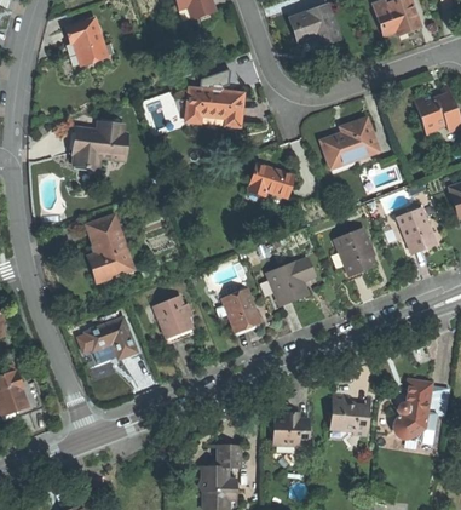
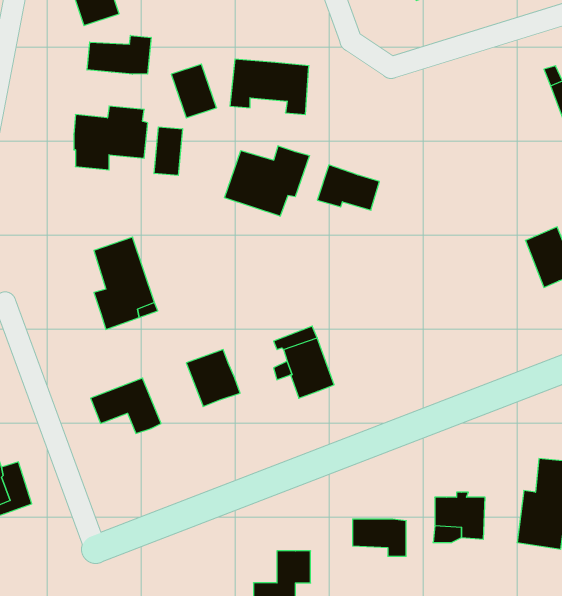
building: none -> [87,35,151,74]
building: [322,119,378,167] -> none
building: none -> [154,127,183,175]
building: none -> [225,146,309,216]
building: [334,228,374,275] -> none
building: [266,257,311,305] -> none

